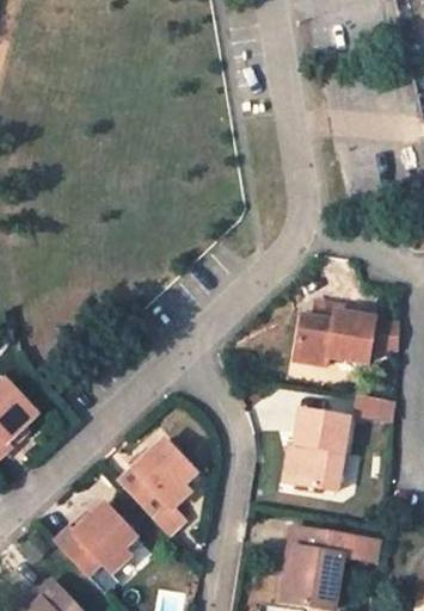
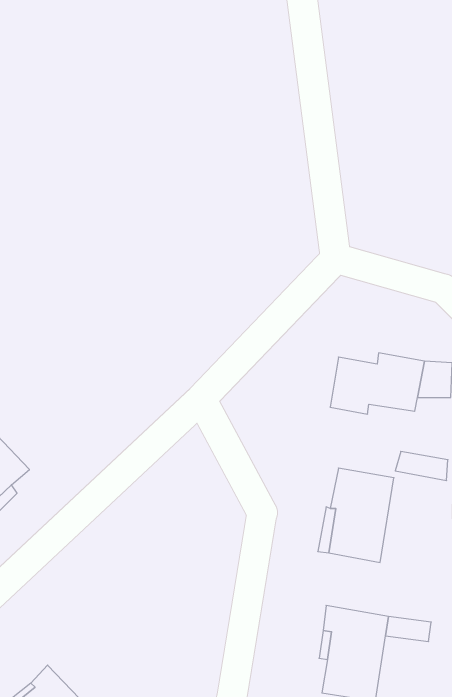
building: [119,440,192,535] -> none
building: [54,500,140,580] -> none

